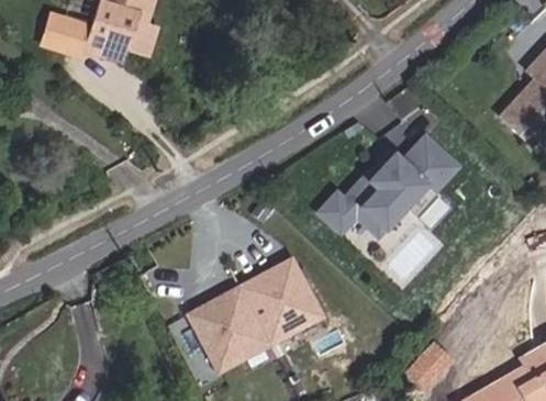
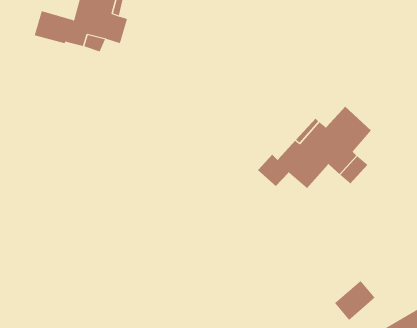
building: [189,257,321,369] -> none

